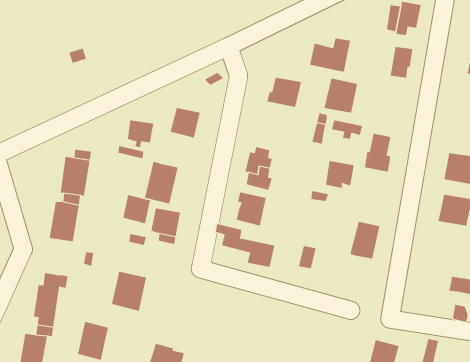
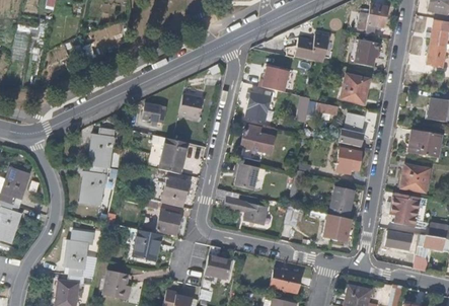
building: [324,78,358,113] -> [340,74,368,103]
building: none -> [245,92,270,121]
building: [325,160,355,189] -> [336,148,361,171]
building: [123,195,151,224] -> [157,210,180,234]
building: none -> [389,192,420,226]
building: none -> [324,214,351,242]
building: none -> [385,231,418,251]
building: none -> [204,244,233,280]
building: none -> [271,269,301,292]

